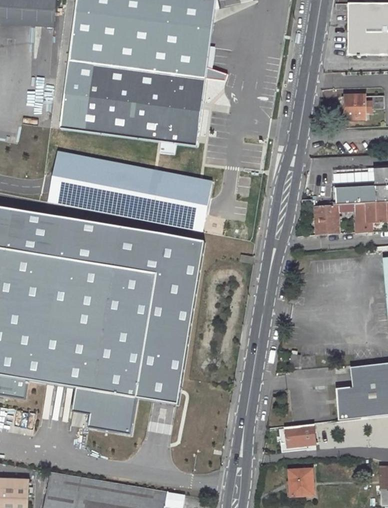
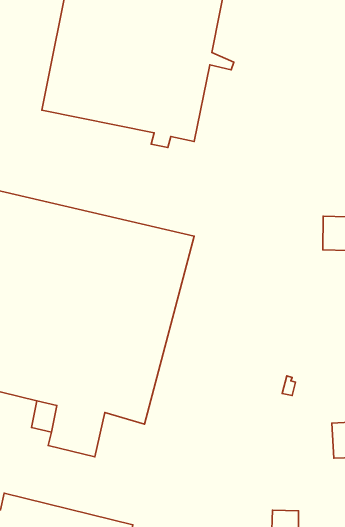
building: [47,152,211,232] -> none
building: [286,423,315,447] -> none

